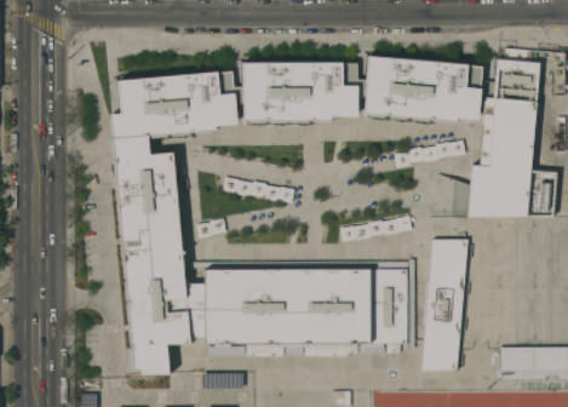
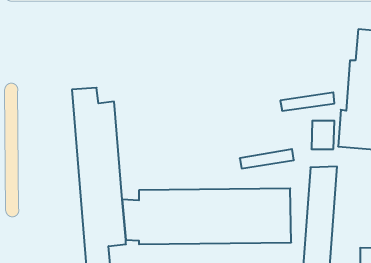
building: [363,57,480,121] -> none
building: [242,64,355,122] -> none
building: [114,71,234,137] -> none

